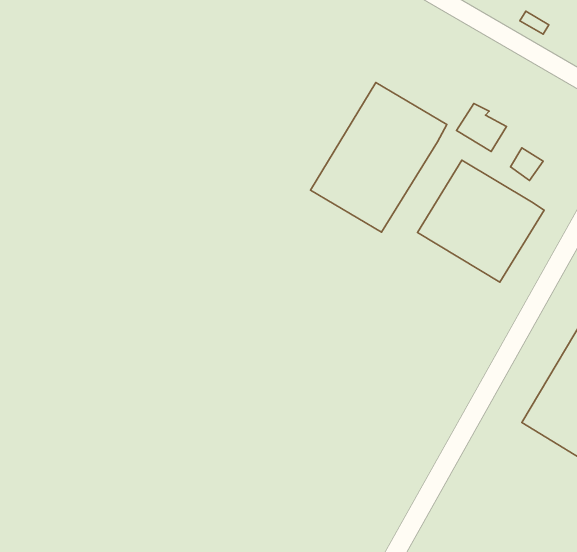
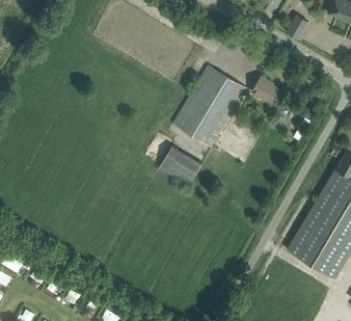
building: [417,160,544,282] -> none
building: none -> [160,149,200,186]

